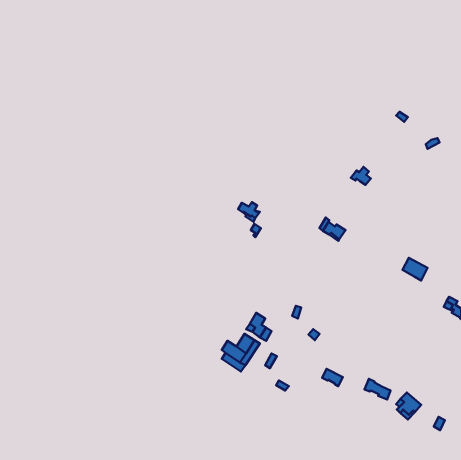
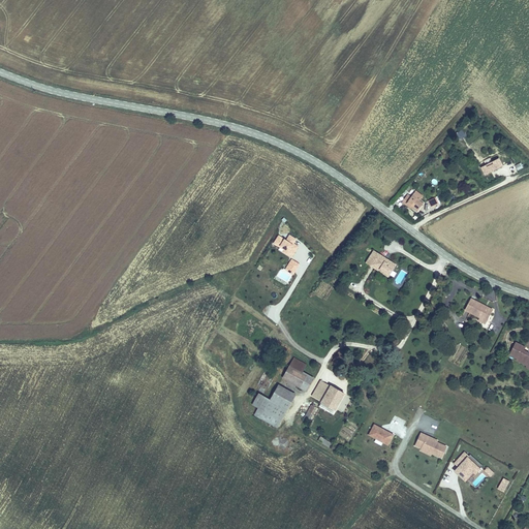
building: none -> [312,382,344,411]

